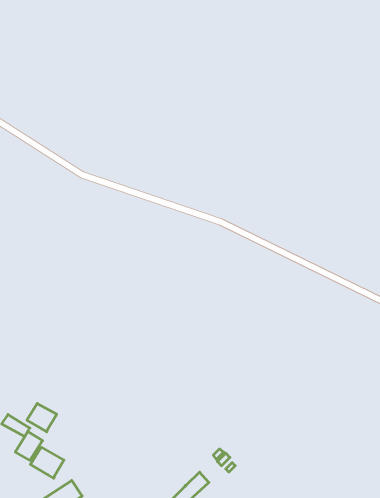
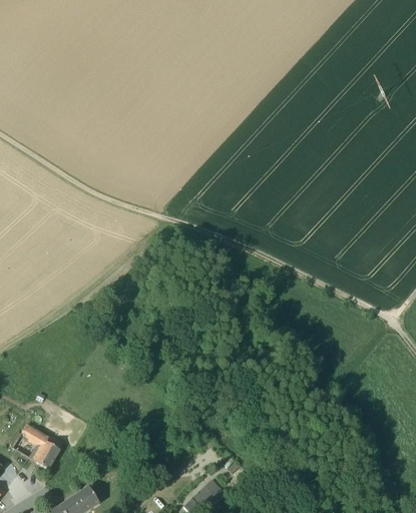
building: [27,403,57,432] -> none
building: [30,447,64,478] -> none

